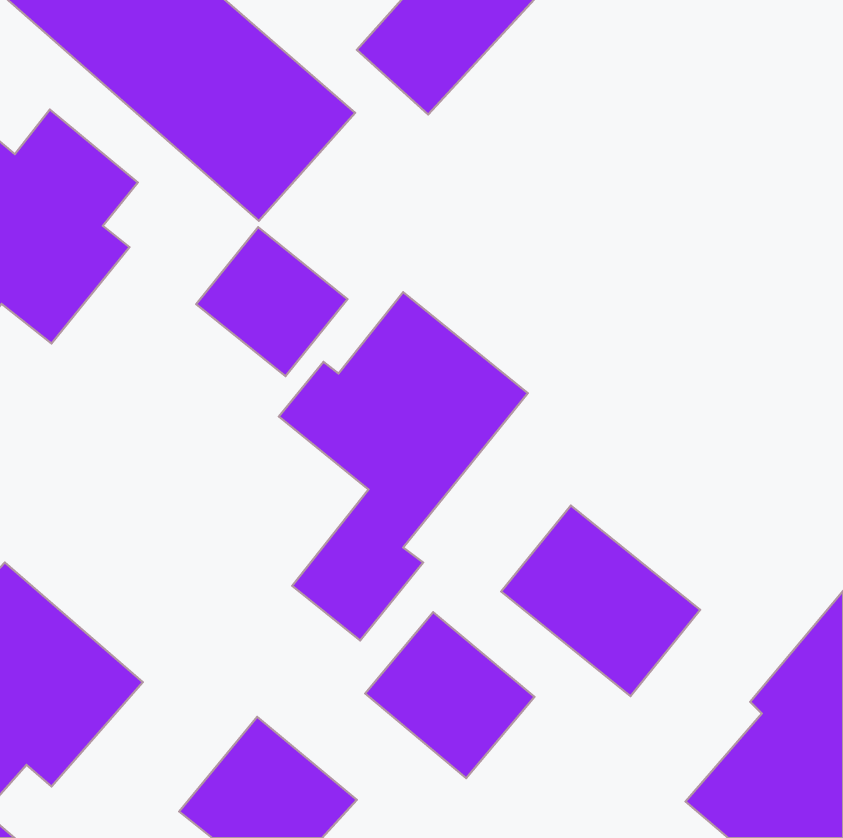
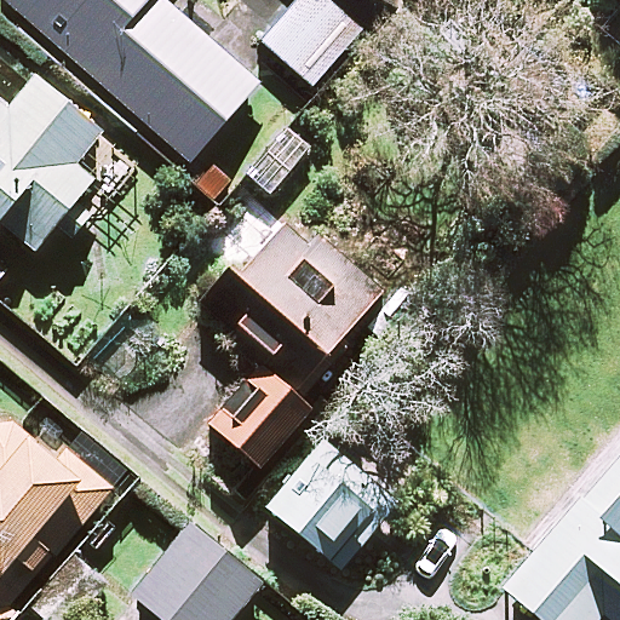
building: [196,227,348,376] -> none
building: [501,505,700,696] -> none

